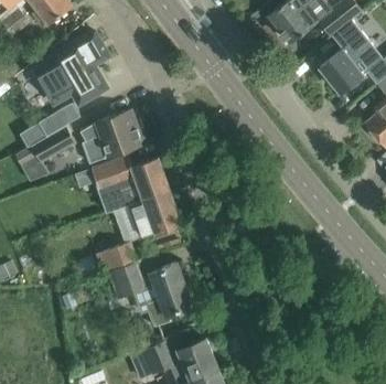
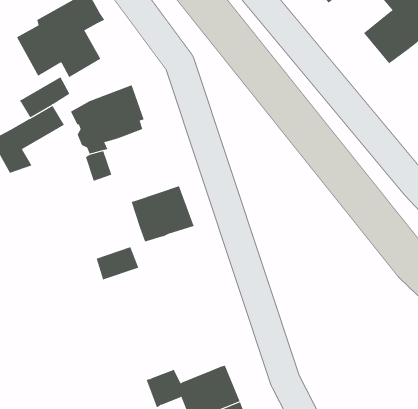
building: [100,158,170,213] -> none
building: [115,263,193,327] -> none

